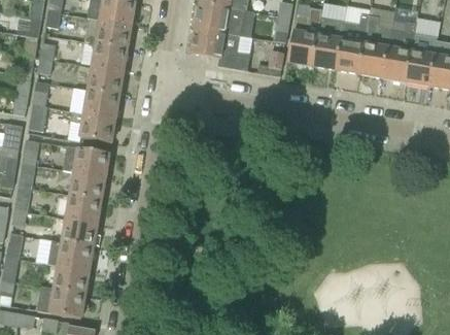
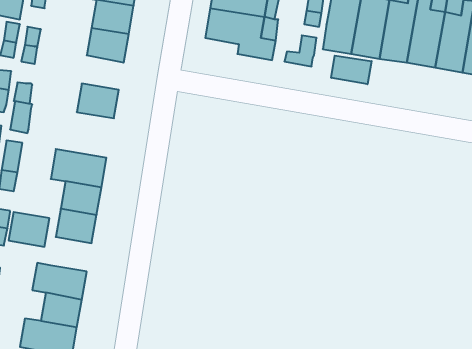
building: [88,67,123,96] -> none
building: none -> [331,56,372,84]
building: [70,112,114,143] -> none
building: [62,219,96,247] -> [9,212,49,247]

